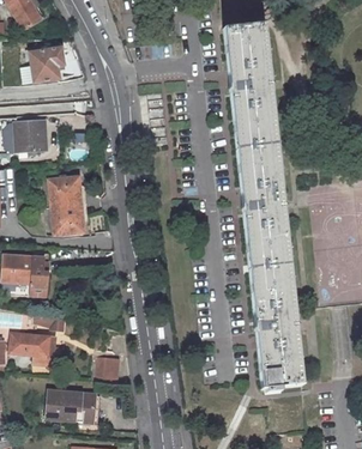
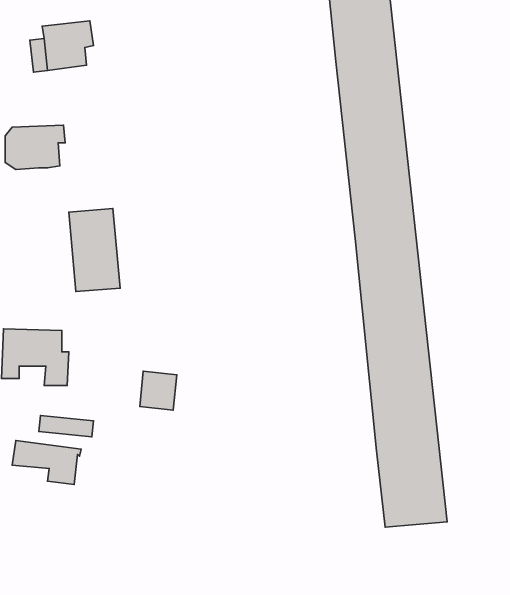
building: [96,356,121,382] -> [140,371,177,410]
building: [47,388,96,421] -> none

